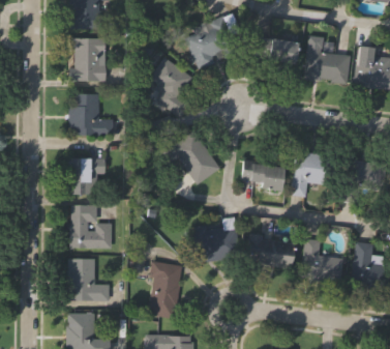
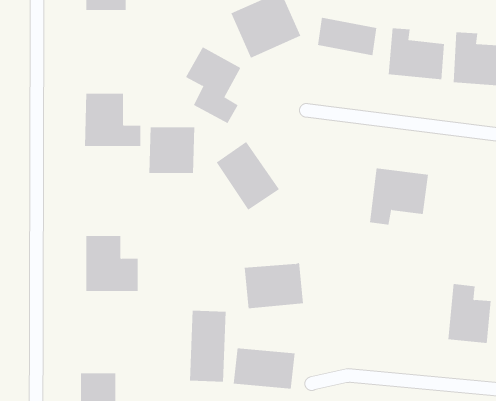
building: [70,38,106,82] -> none
building: [68,158,104,195] -> [149,127,195,174]
building: [342,159,385,202] -> none
building: [242,162,284,190] -> none
building: [246,236,295,268] -> [233,348,295,389]
building: [301,239,343,282] -> none
building: [68,259,110,301] -> none

